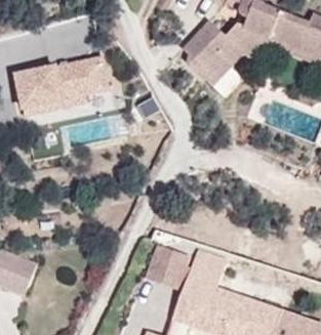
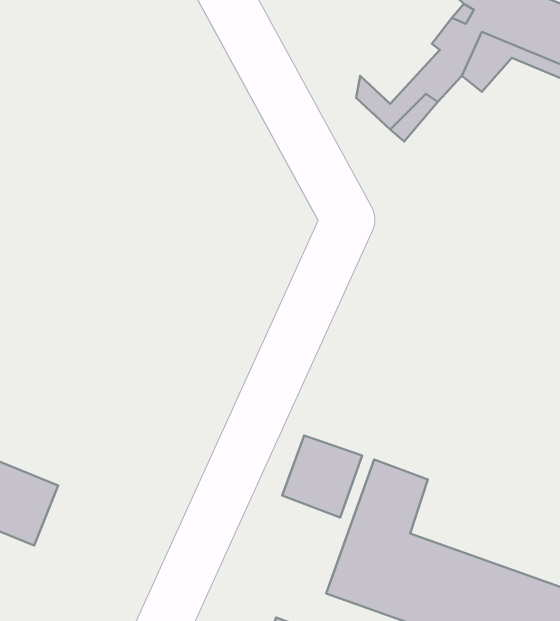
building: [184,18,231,67] -> none
building: [15,55,109,117] -> none

